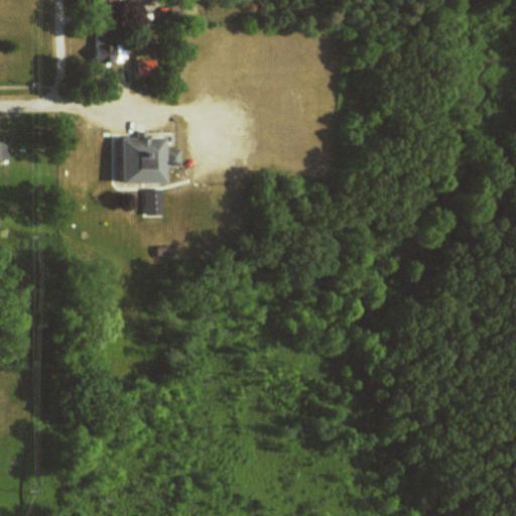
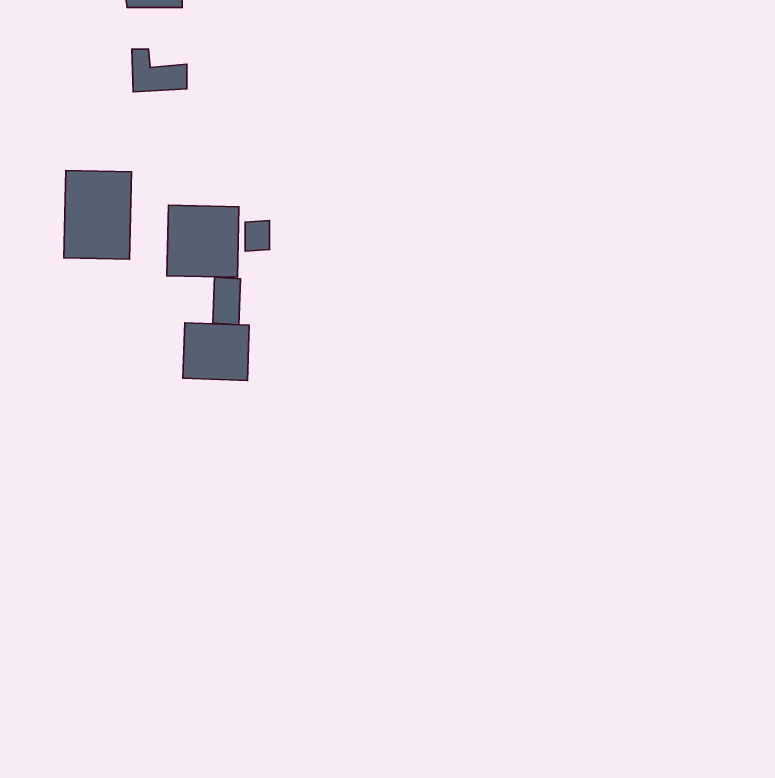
building: none -> [64,170,132,259]
building: none -> [183,323,249,380]

